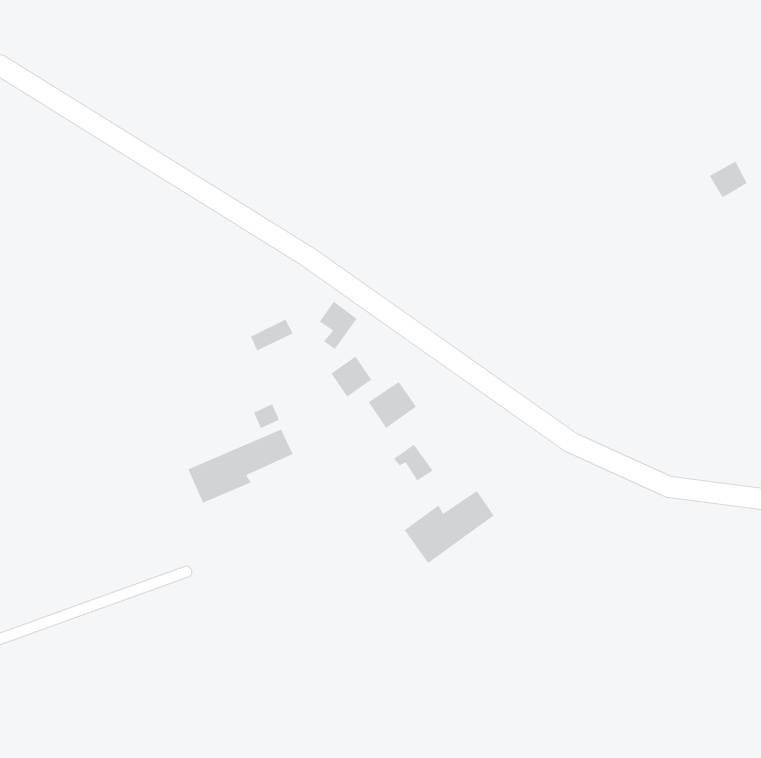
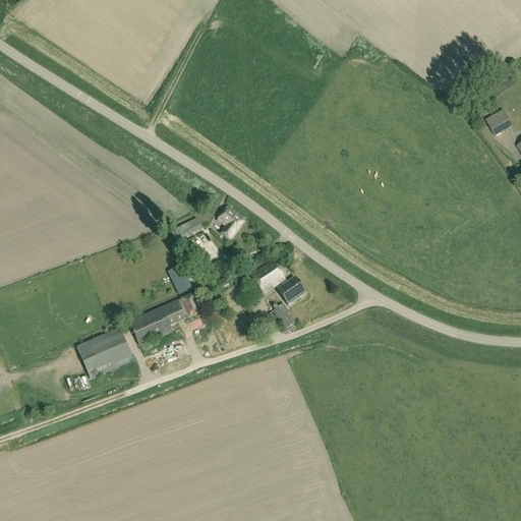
building: [331,356,372,397] -> [277,277,305,305]
building: none -> [76,327,133,378]
building: [404,490,495,564] -> none

